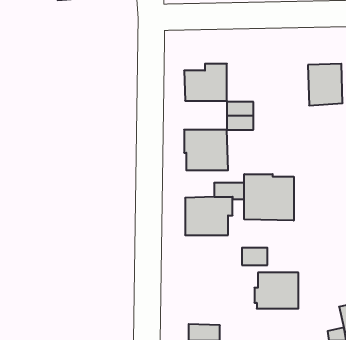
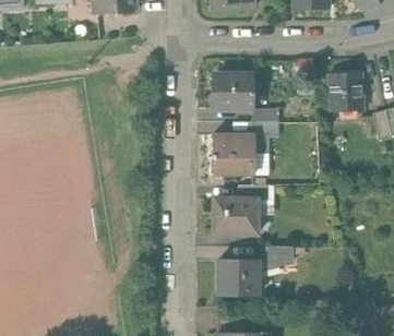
building: [244,174,294,221] -> none
building: [254,273,298,309] -> [216,261,258,295]

